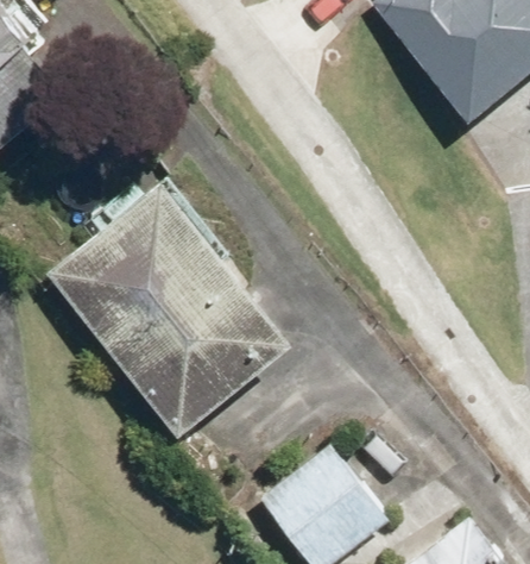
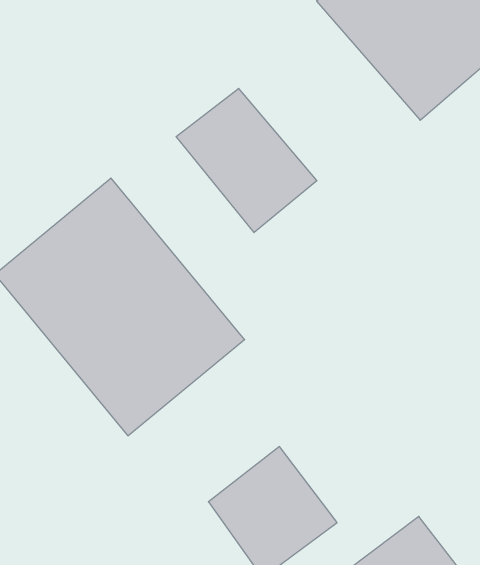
building: none -> [176,88,317,233]

